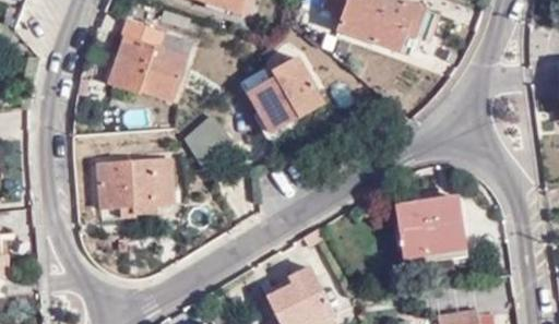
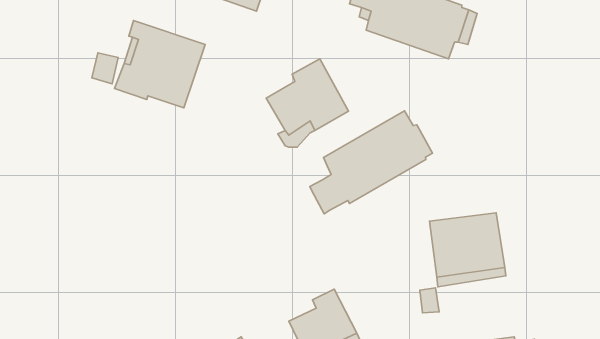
building: none -> [310,111,433,214]
building: [185,117,230,166] -> none
building: [97,159,173,212] -> none

